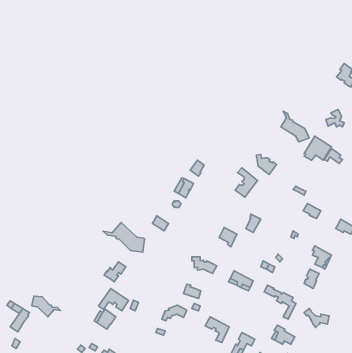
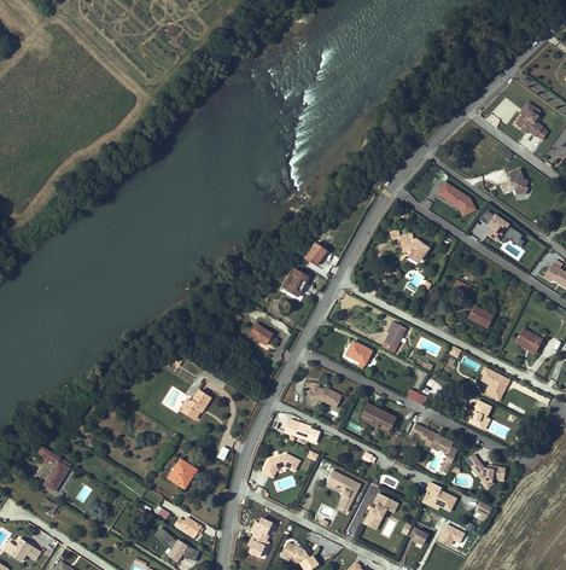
building: [235,168,257,197] -> none
building: [103,222,145,252] -> none
building: [99,289,129,311] -> none
building: [32,296,60,317] -> none

